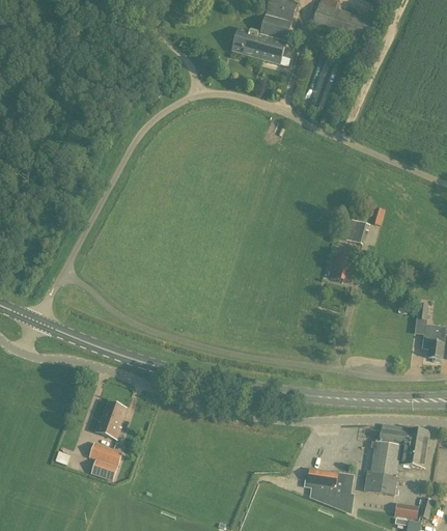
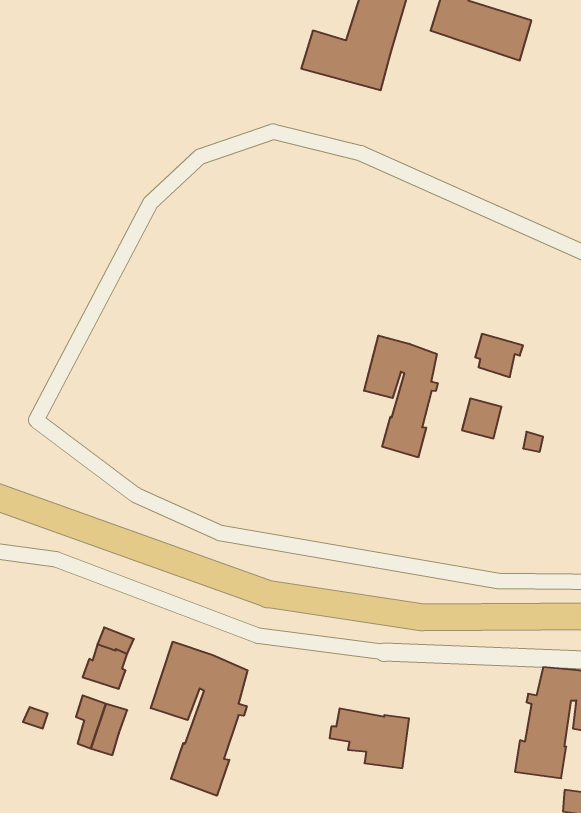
building: none -> [364,335,438,457]
building: none -> [151,642,248,796]
building: [303,468,353,505] -> [330,708,409,768]

